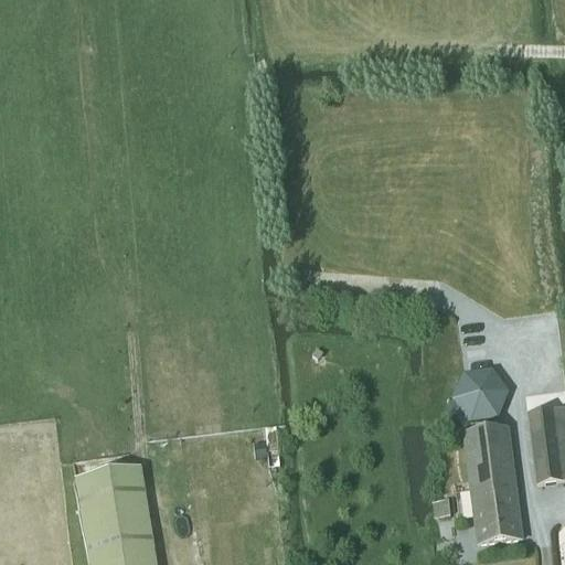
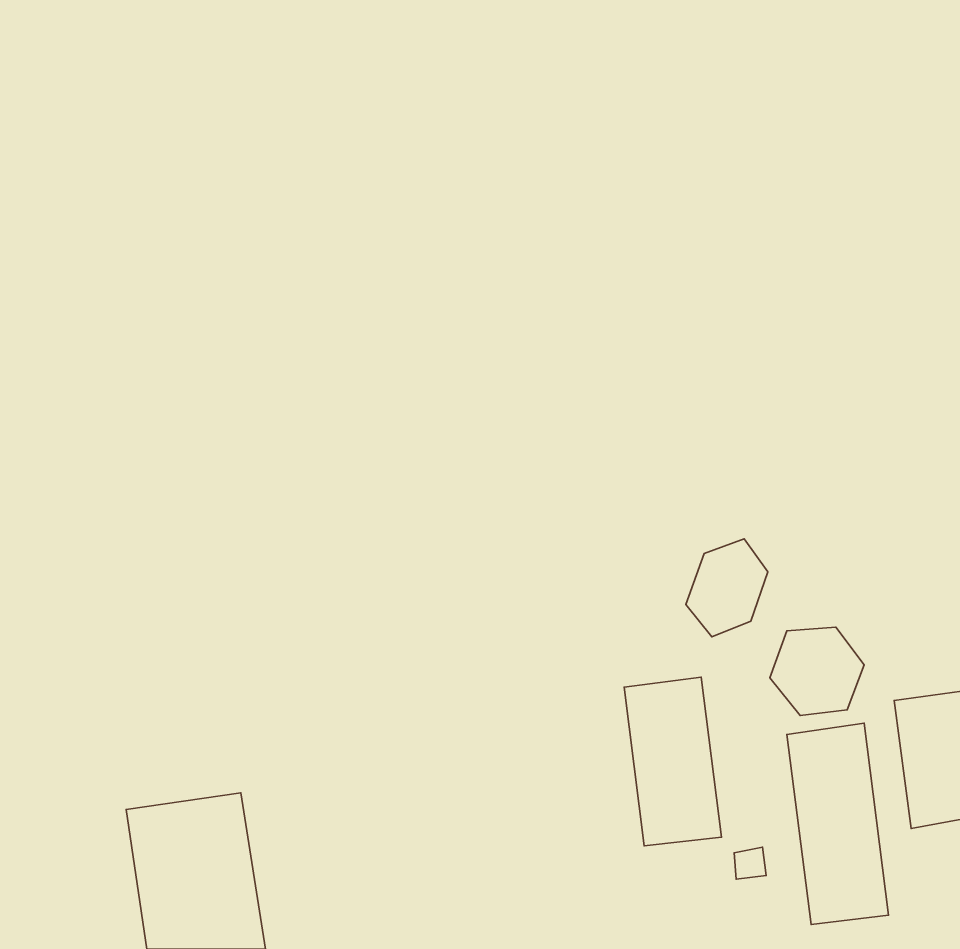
building: none -> [686,539,768,637]
building: none -> [624,677,721,846]

